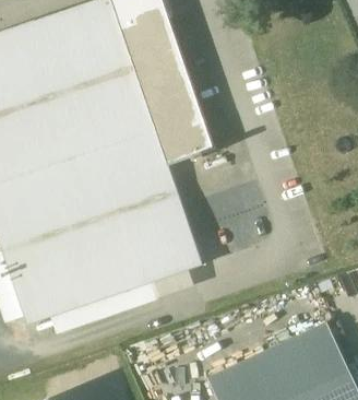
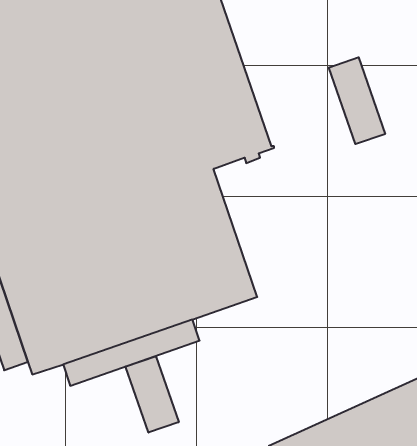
building: none -> [329,57,385,144]
building: none -> [126,356,179,433]

